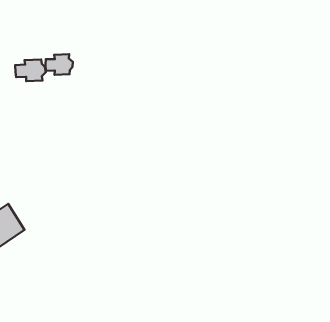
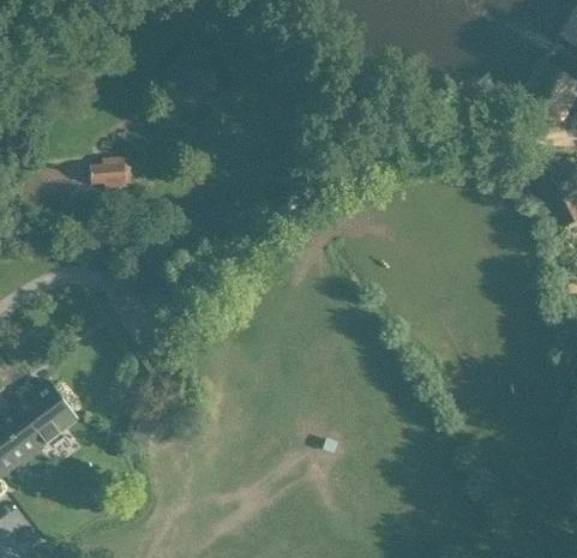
building: [15,60,46,81] -> none

